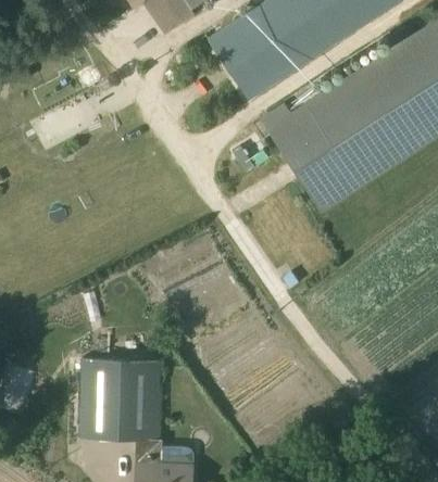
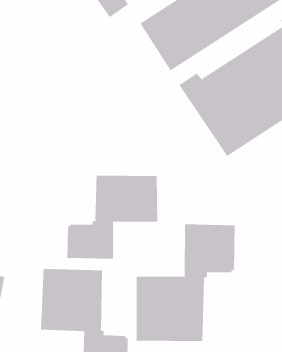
building: none -> [67,175,158,259]
building: none -> [136,224,235,342]

